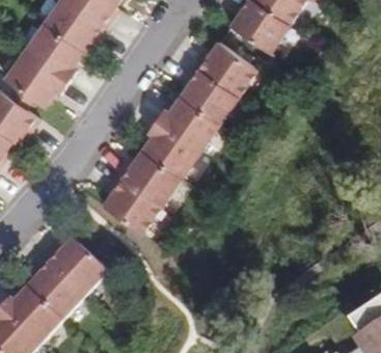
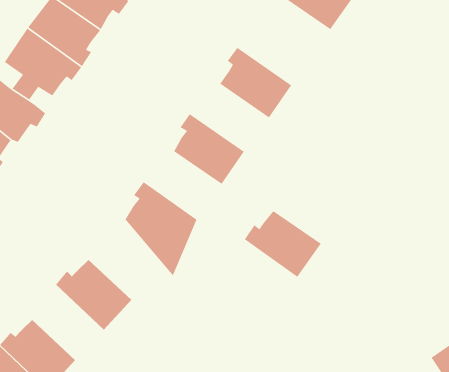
building: [194,40,258,97] -> none
building: [156,96,220,151] -> none
building: [118,151,182,206] -> [244,210,322,278]
building: [28,259,86,320] -> none

